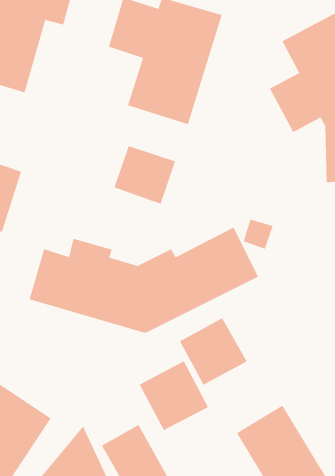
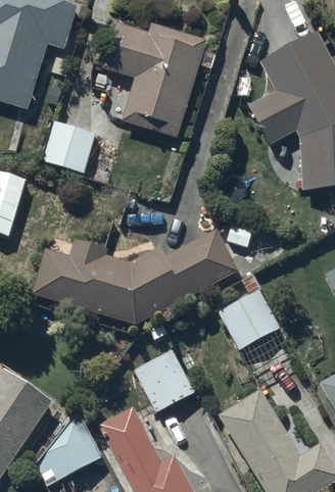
building: [113,145,176,204] -> [43,121,99,175]
building: [179,317,247,385] -> [220,288,281,349]

